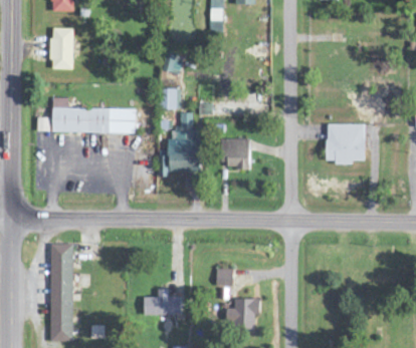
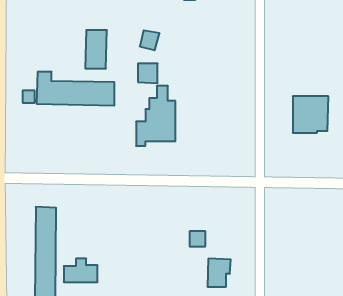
building: [51,28,74,69] -> [85,30,107,69]
building: [222,138,250,168] -> none
building: [145,288,181,313] -> [64,259,98,282]

